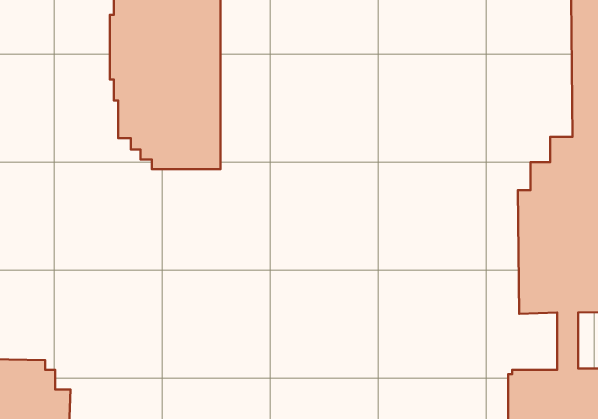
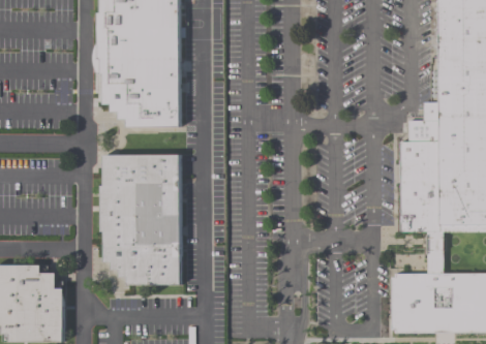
building: none -> [104,155,181,285]

